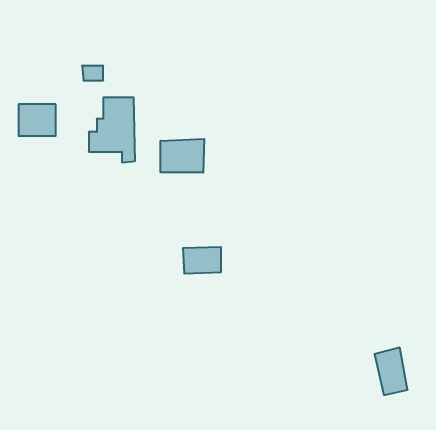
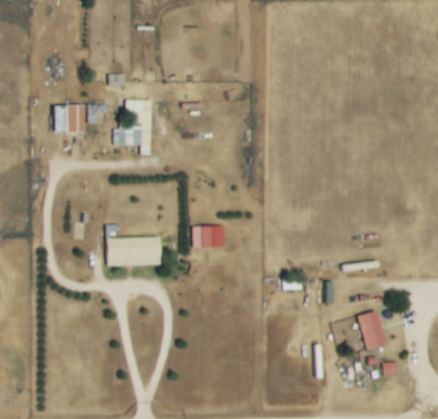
building: [161,139,204,173] -> none
building: none -> [107,237,163,266]

